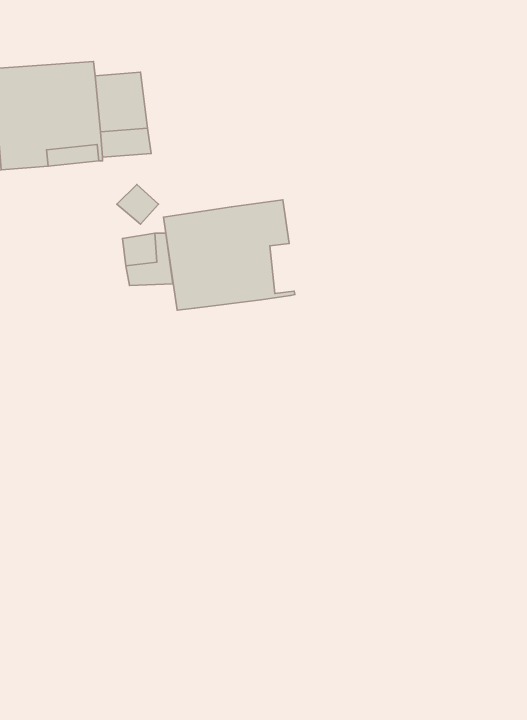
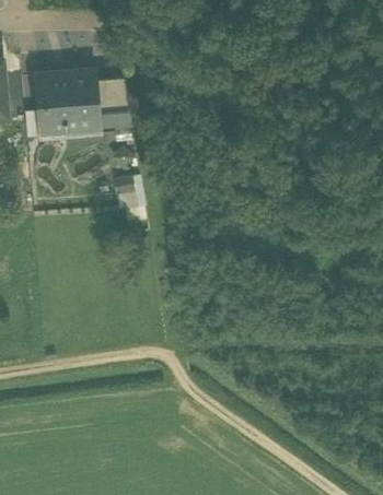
building: [163,200,295,310] -> none

